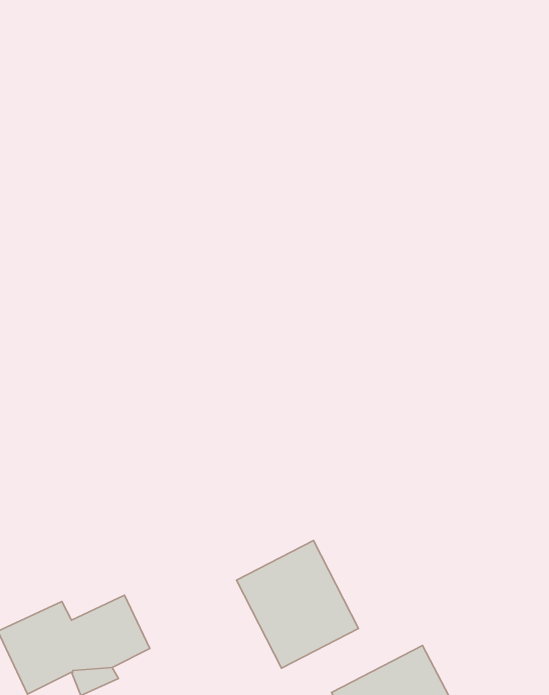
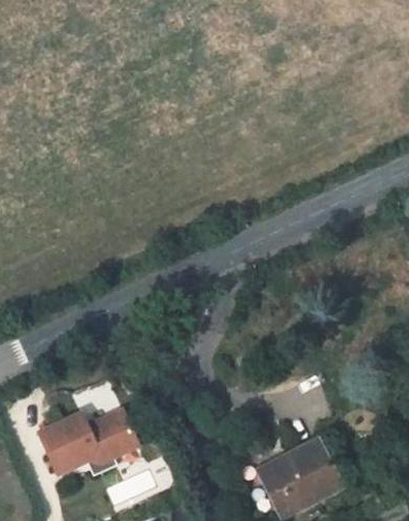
building: [236,540,359,668] -> none

